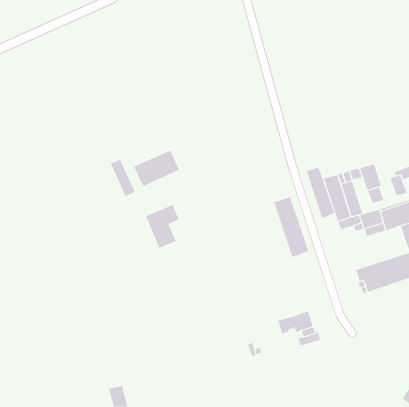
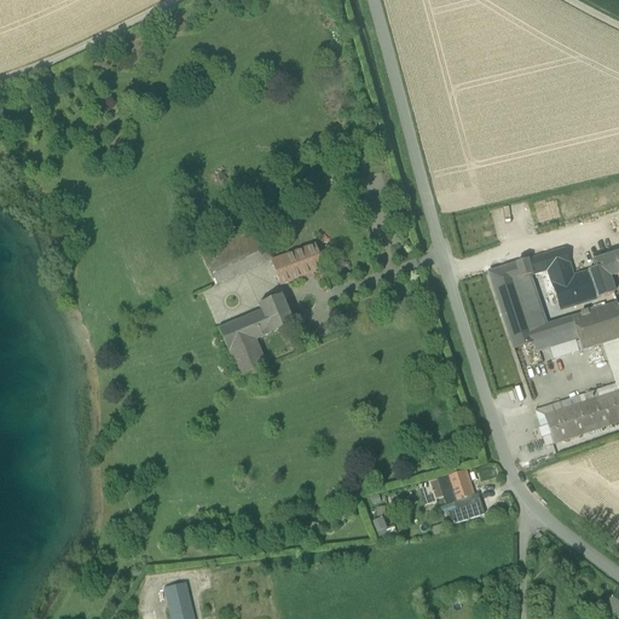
building: [110,159,135,197] -> none
building: none -> [272,242,325,283]
building: [306,167,335,219] -> none
building: none -> [573,268,598,302]
building: none -> [260,294,294,331]
building: [274,197,309,258] -> none

